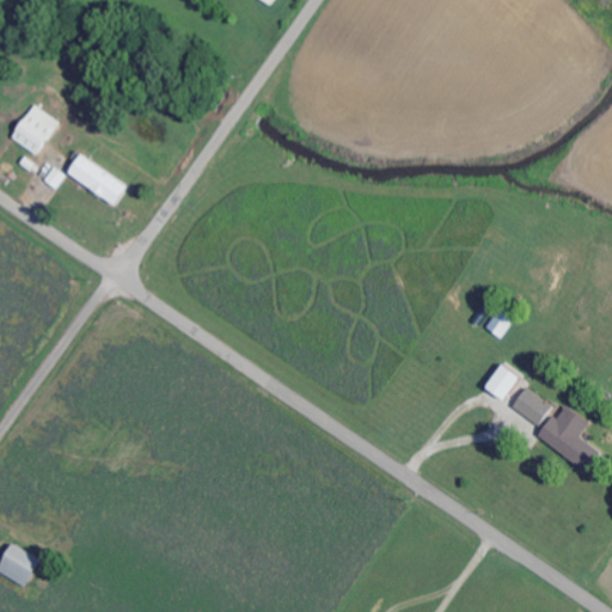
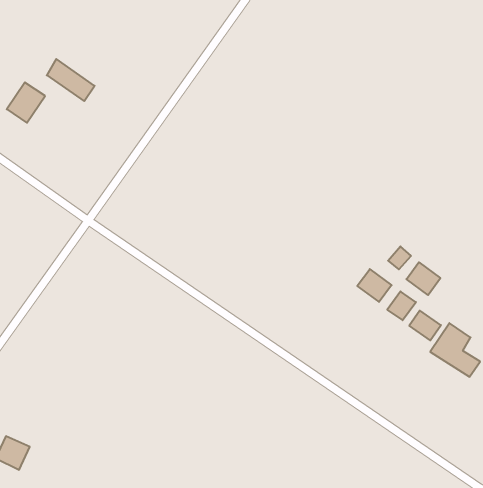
building: [66,152,126,204] -> [47,59,95,101]
building: none -> [406,262,440,295]
building: none -> [357,269,392,302]

